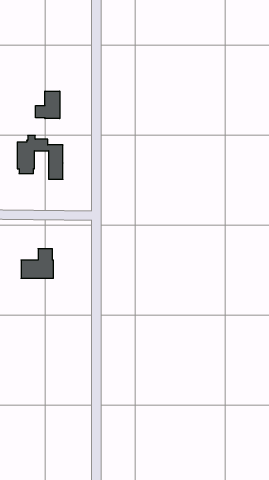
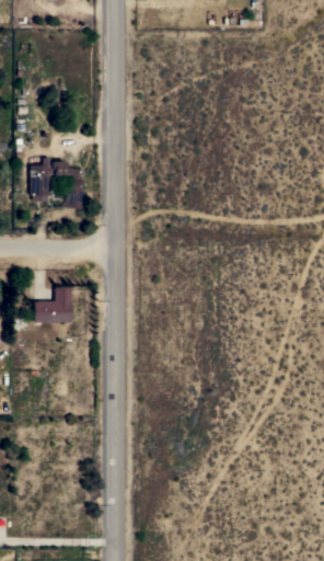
building: [36,91,60,119] -> none

